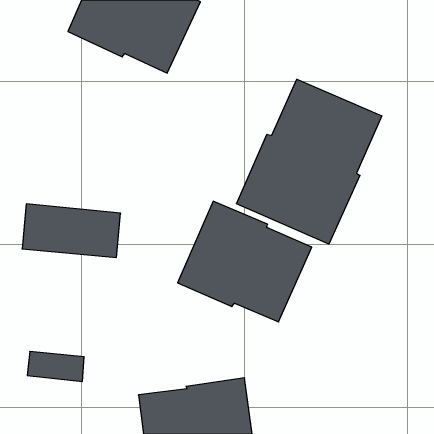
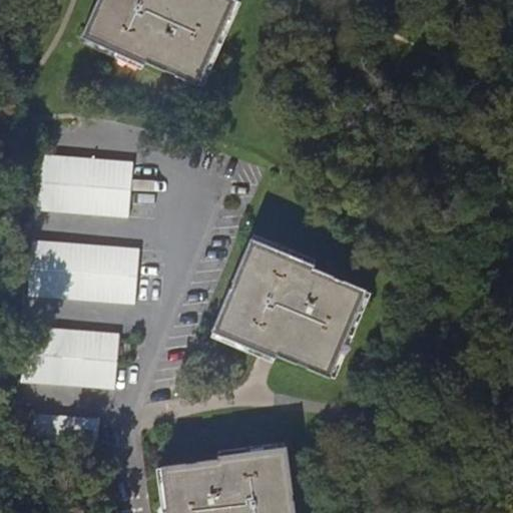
building: [237,79,382,244] -> none
building: none -> [34,154,134,217]
building: none -> [22,329,120,390]

